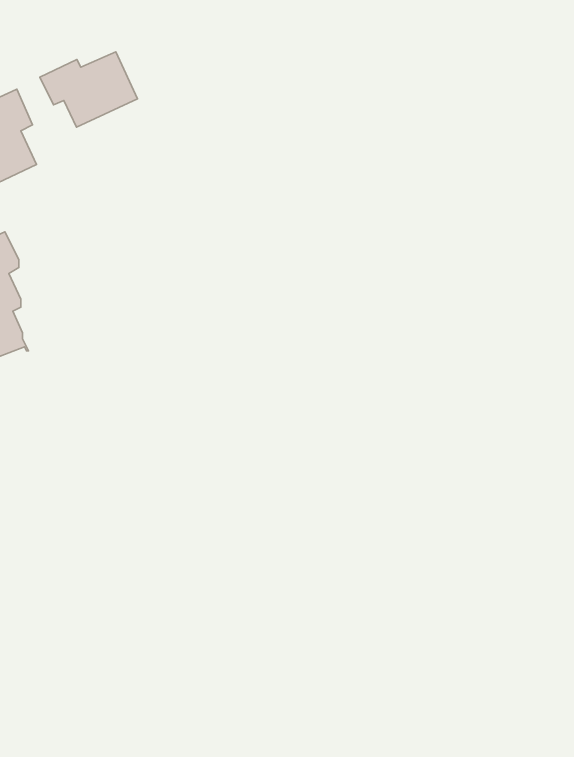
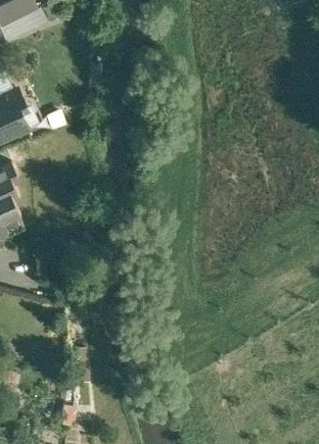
building: [40,52,138,127] -> none

